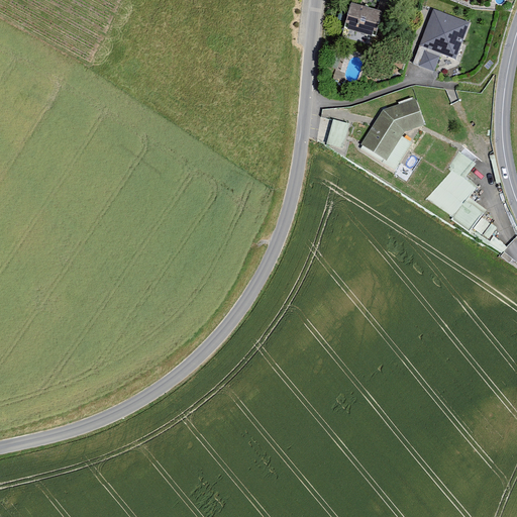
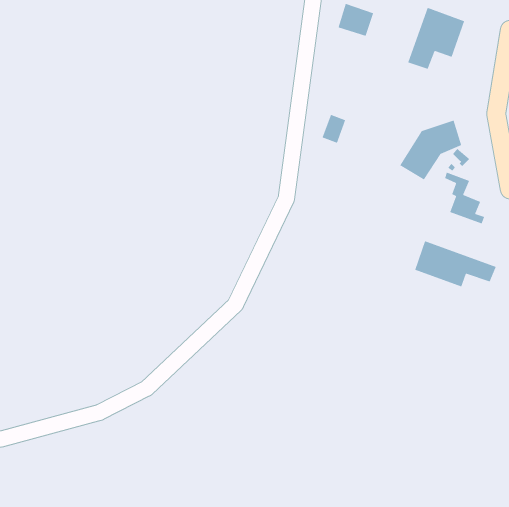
building: [359,99,423,161] -> [399,120,462,180]
building: none -> [414,240,497,288]

